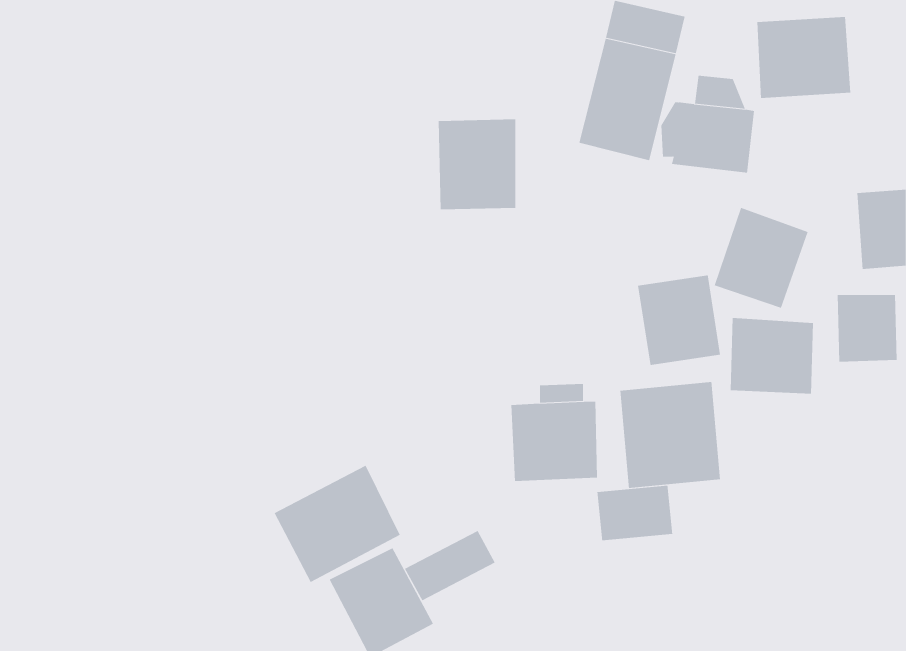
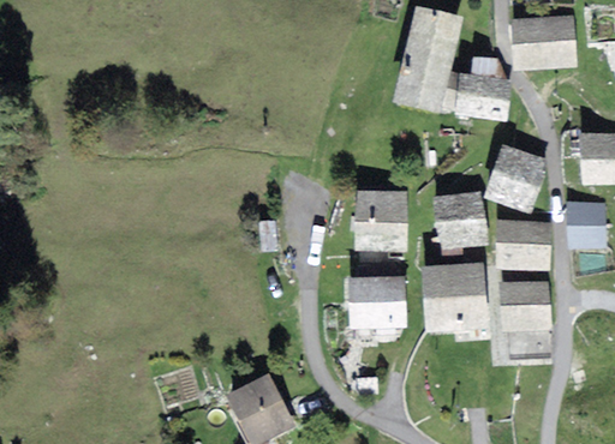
building: [438,119,516,210] -> [353,190,406,251]
building: none -> [497,281,551,334]
building: [274,465,401,583] -> none
building: [597,485,673,541] -> none
building: [404,530,496,601] -> none

